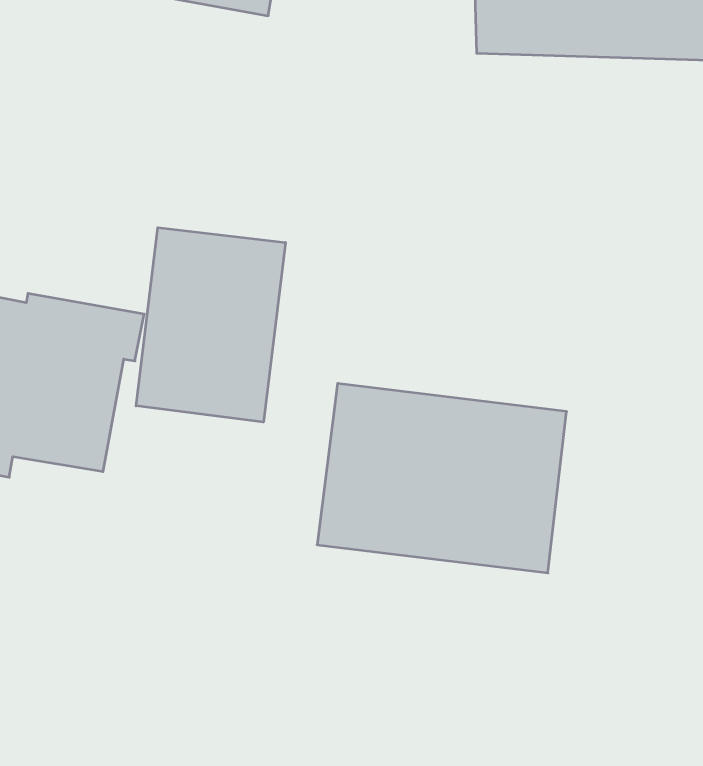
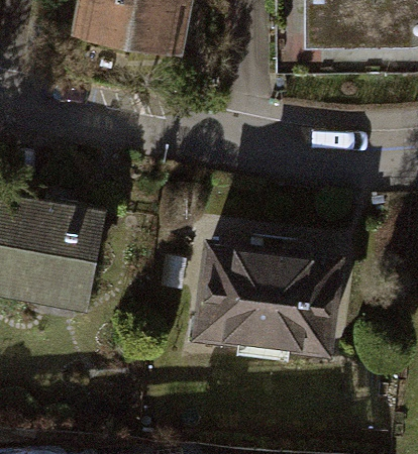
building: [136,228,285,422] -> none

